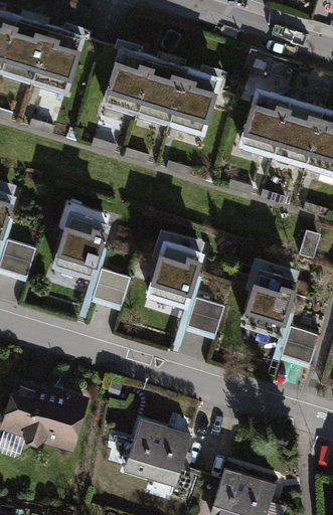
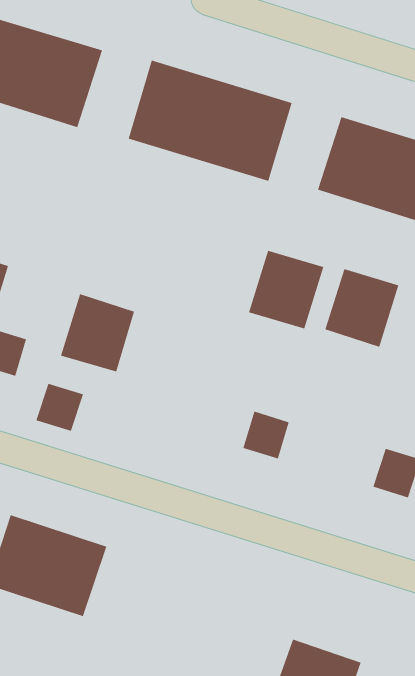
building: [150,241,205,299] -> [248,250,324,329]
building: [92,270,127,305] -> [36,383,84,431]
building: [246,270,301,327] -> [325,269,399,347]
building: [121,420,188,486] -> none

